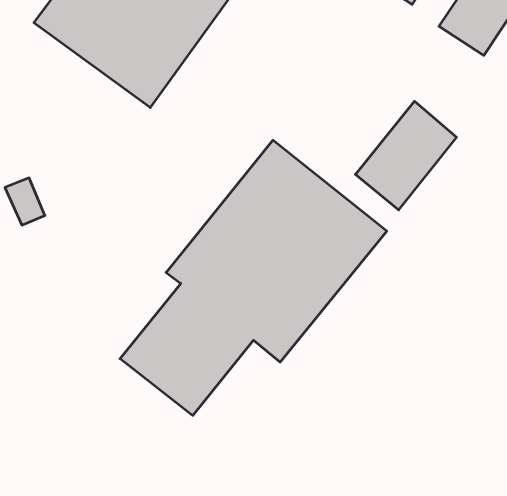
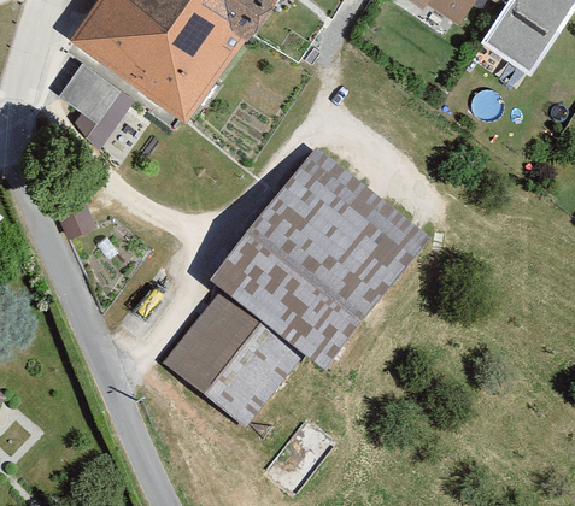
building: none -> [53,57,133,133]
building: [355,101,456,210] -> none

